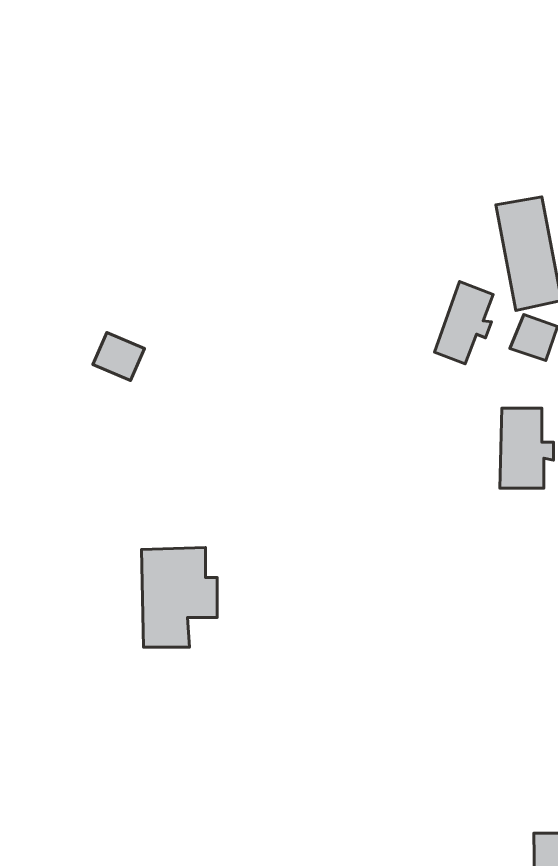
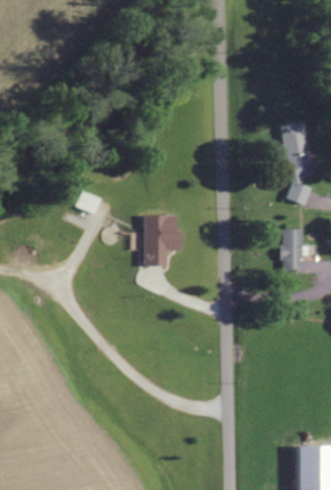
building: [435,282,493,364] -> none
building: [141,548,217,647] -> [144,215,182,266]

